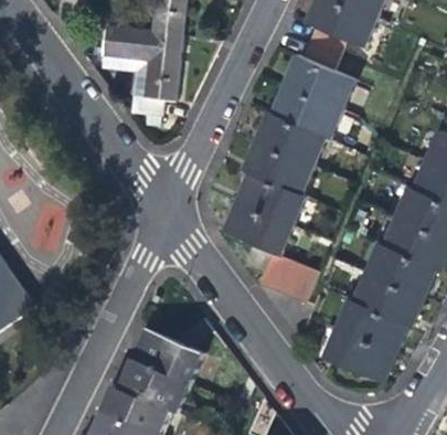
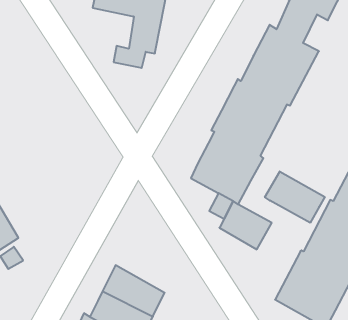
building: none -> [265,171,325,223]

